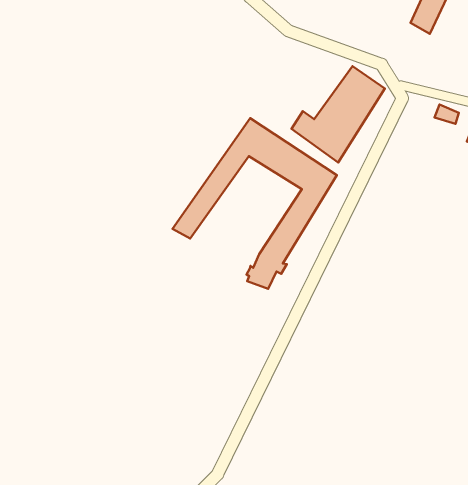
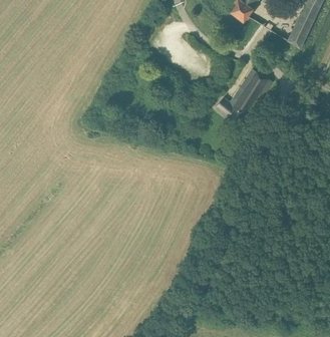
building: [172,118,337,289] -> none

